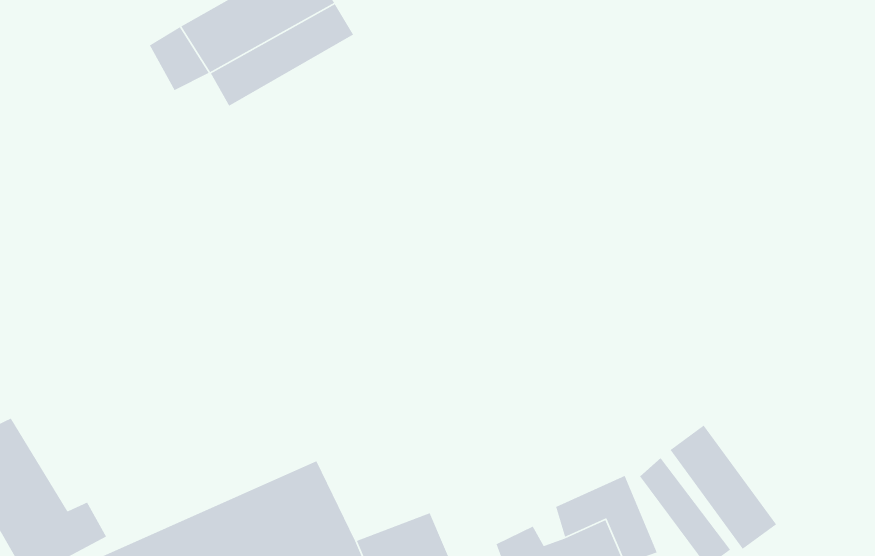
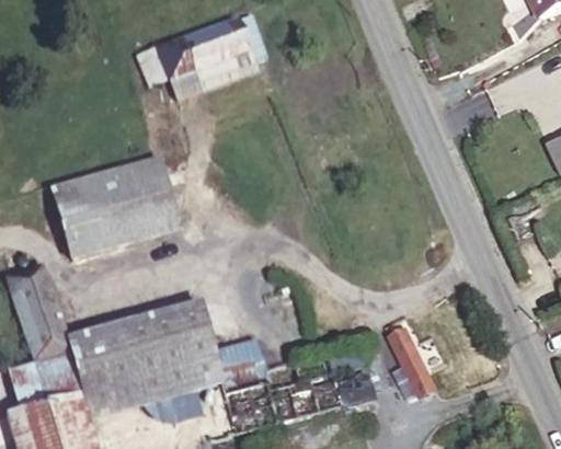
building: none -> [51,150,176,244]

